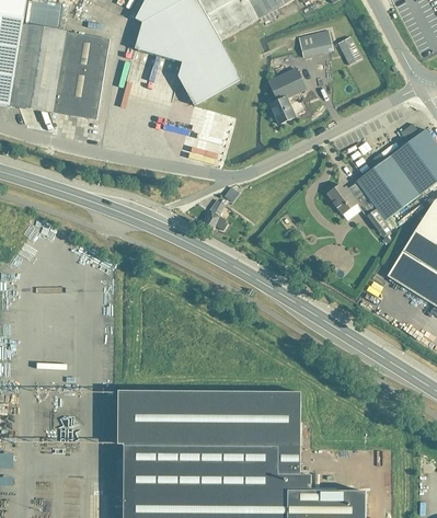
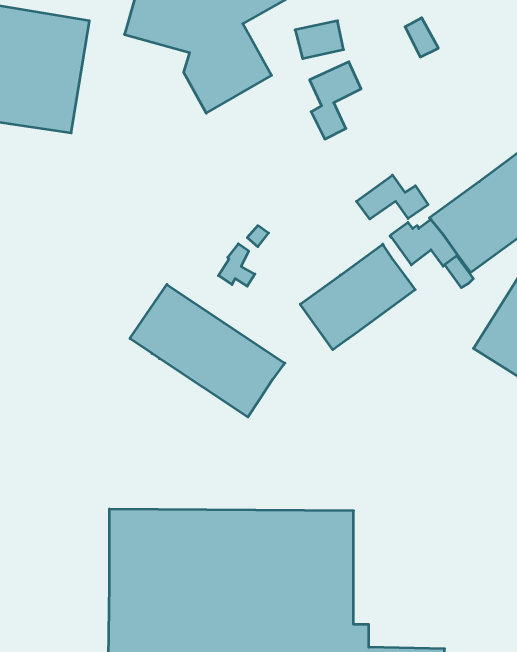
building: [298,30,333,57] -> [295,21,344,59]
building: none -> [356,175,428,219]
building: none -> [300,244,415,350]
building: none -> [130,284,285,417]

